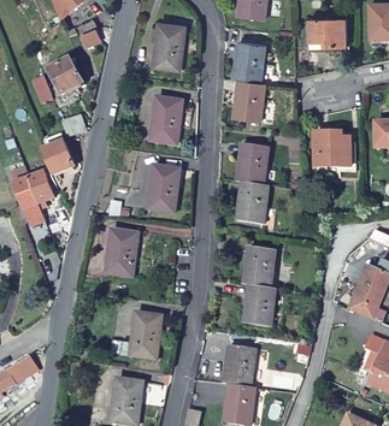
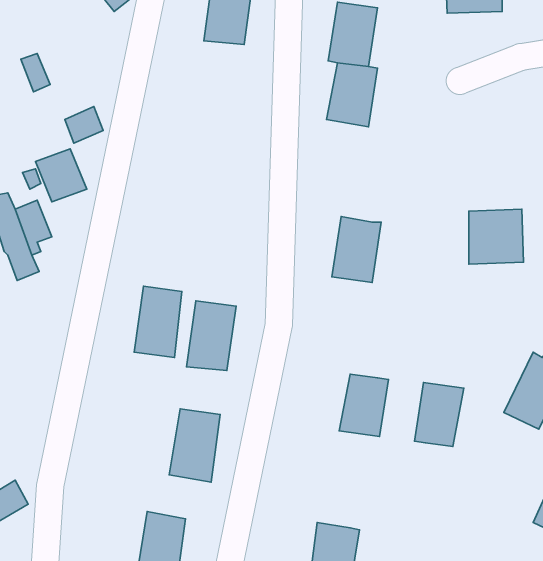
building: [43,54,82,94] -> none
building: [148,96,181,144] -> none
building: [317,131,353,167] -> [469,209,524,264]
building: [236,144,267,187] -> none
building: [147,165,179,211] -> [187,301,236,370]
building: [240,247,272,289] -> [414,383,464,447]
building: [220,344,253,387] -> none

